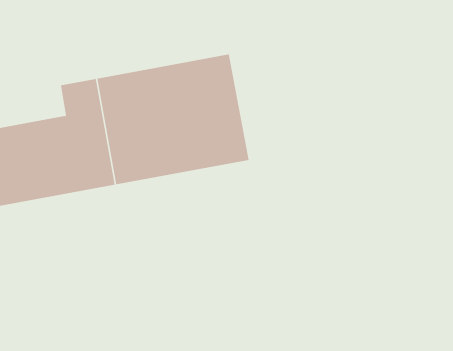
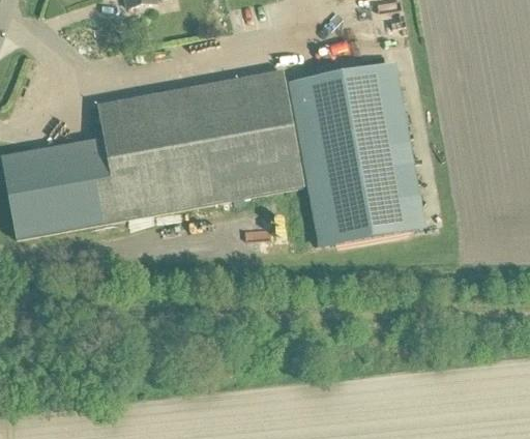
building: none -> [297,64,414,245]

